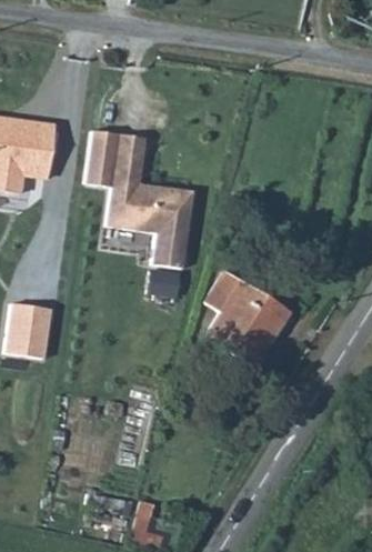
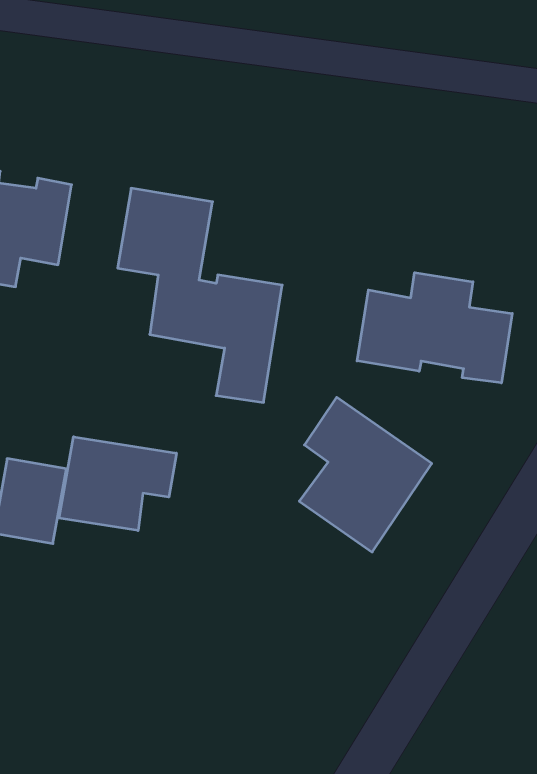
building: none -> [357,273,512,383]
building: none -> [59,437,176,531]

